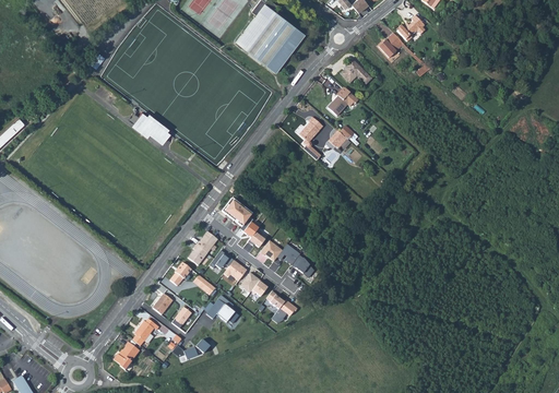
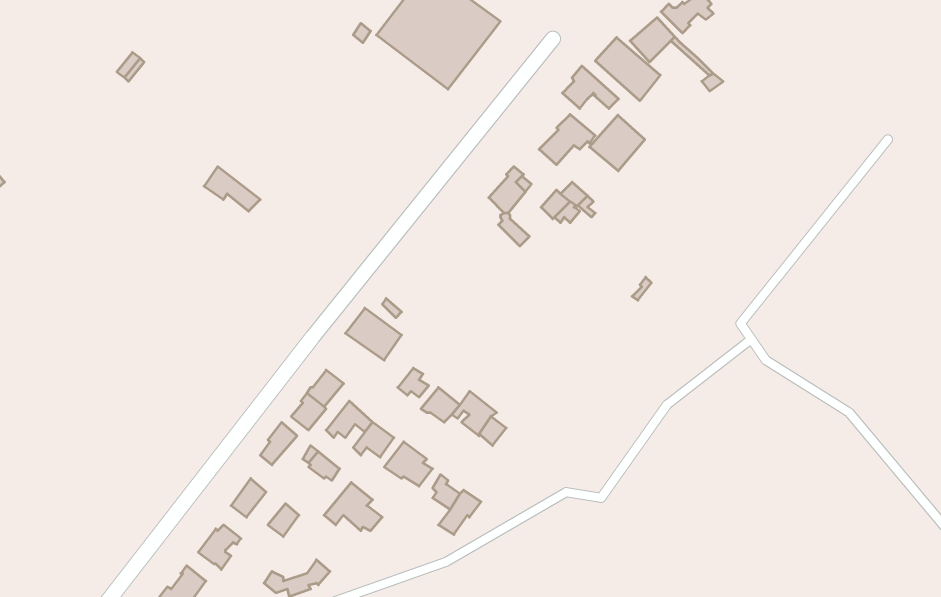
building: none -> [595,37,660,101]
building: none -> [589,115,645,171]

